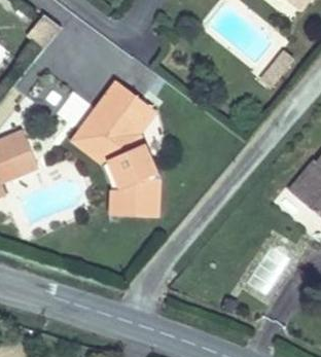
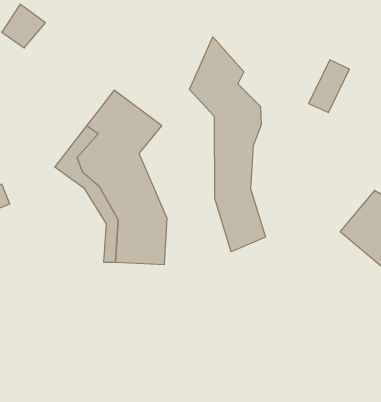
building: none -> [190,37,265,252]

